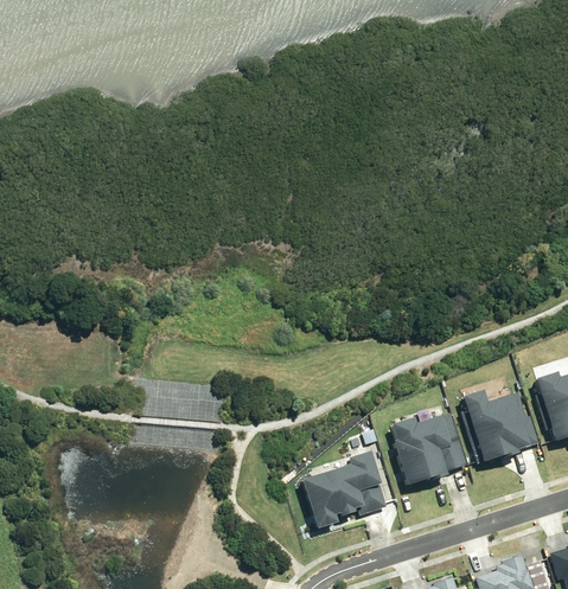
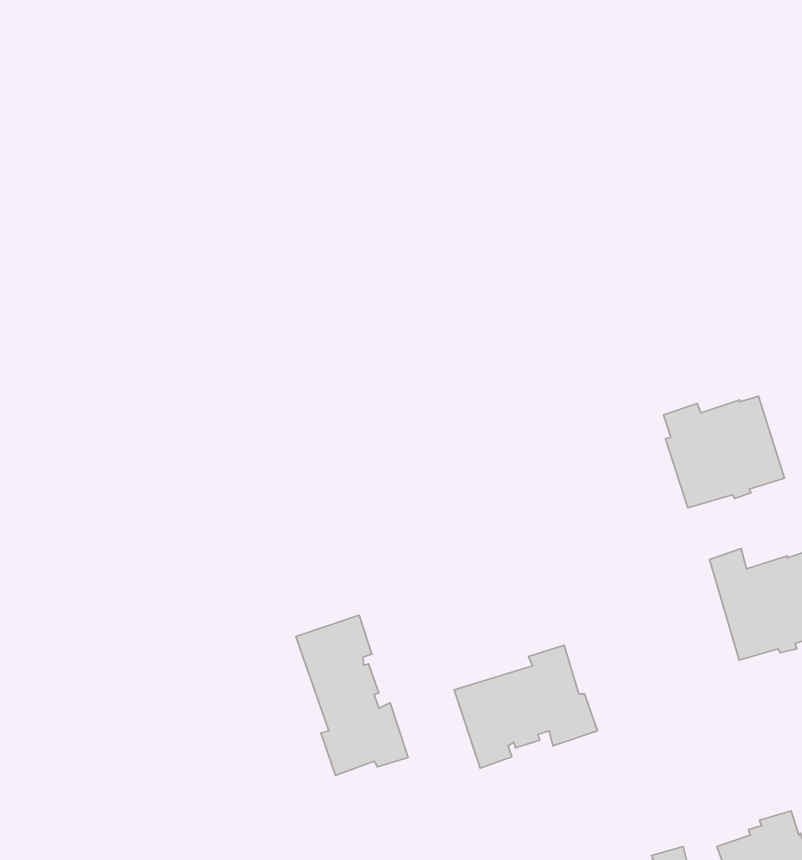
building: [394,412,471,484] -> [664,396,785,508]
building: none -> [296,615,408,776]

